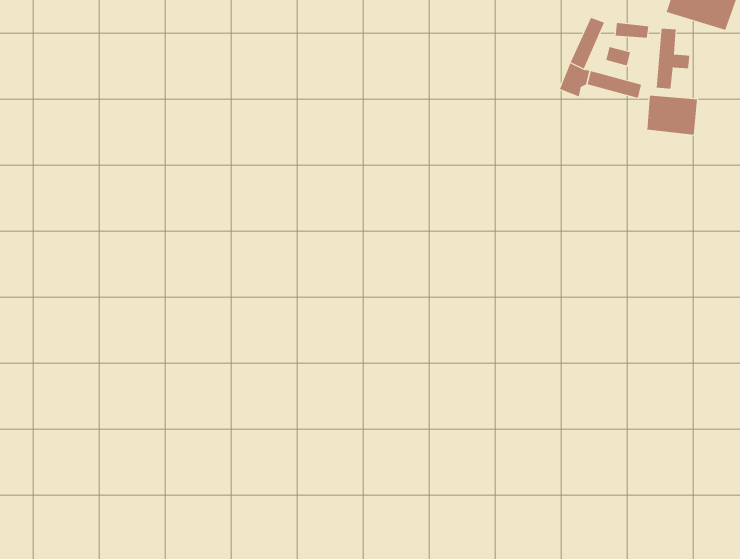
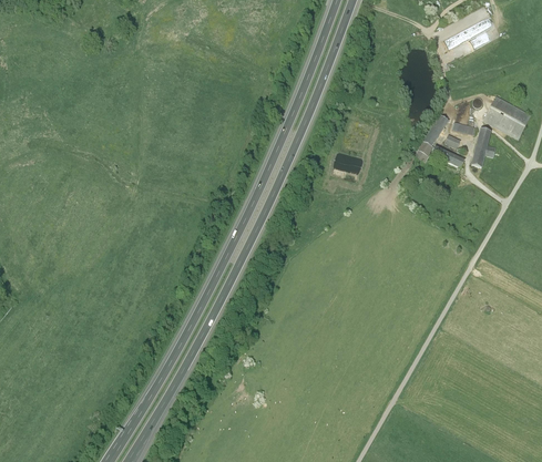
building: [647,95,698,136] -> none

